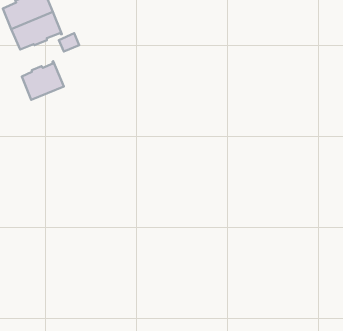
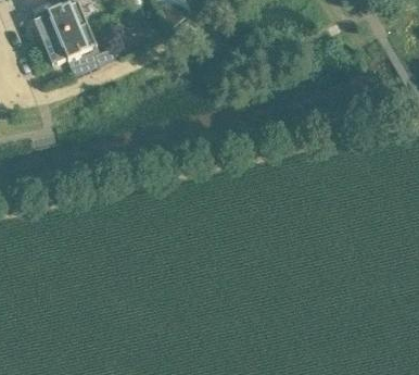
building: [22,61,64,100] -> none

